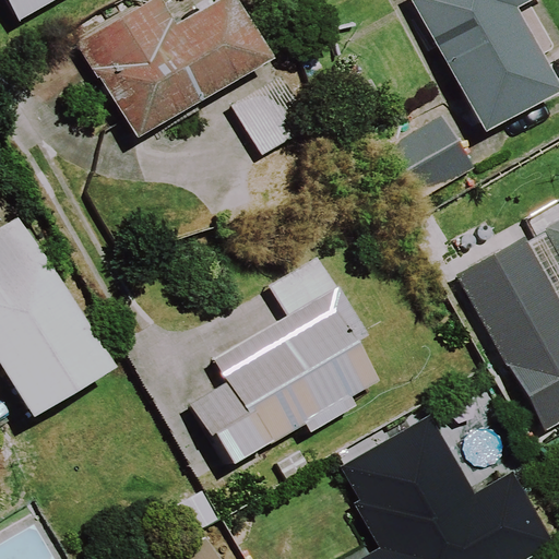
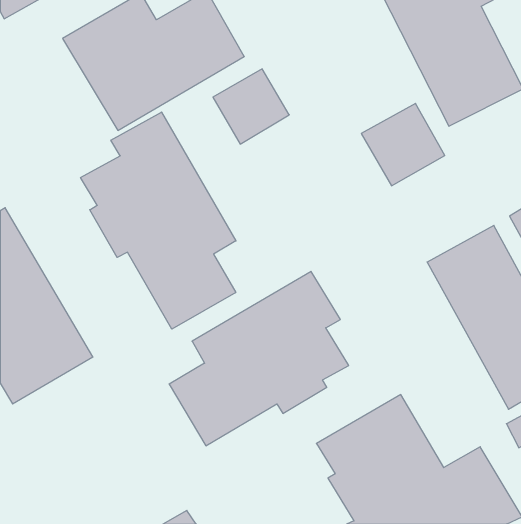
building: none -> [81,112,236,329]

